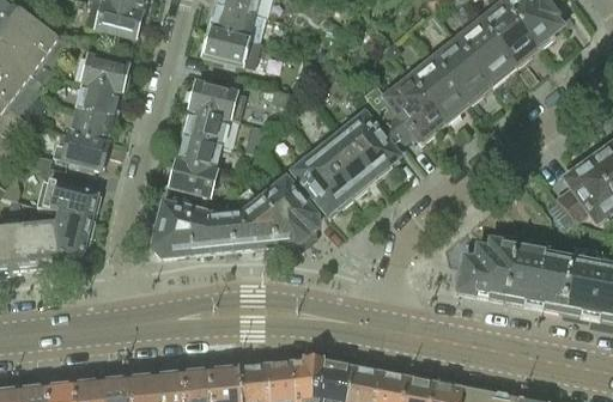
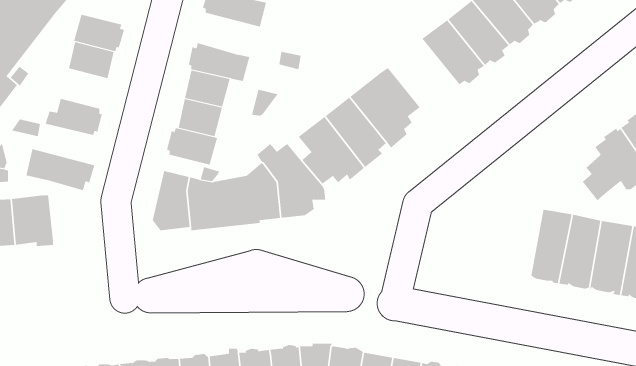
building: [364,78,439,142] -> none
building: [69,105,114,142] -> none
building: [54,209,95,266] -> none
building: [456,232,517,299] -> none

